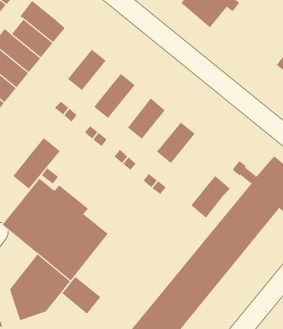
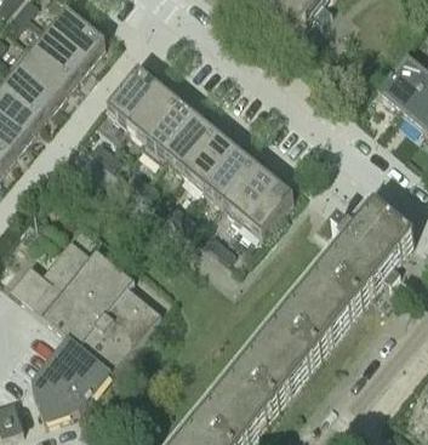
building: none -> [125,85,175,139]
building: none -> [162,116,213,171]
building: none -> [202,149,252,202]
building: [12,137,60,189] -> none
building: [190,175,231,218] -> [240,179,292,235]
building: [61,276,101,314] -> none

